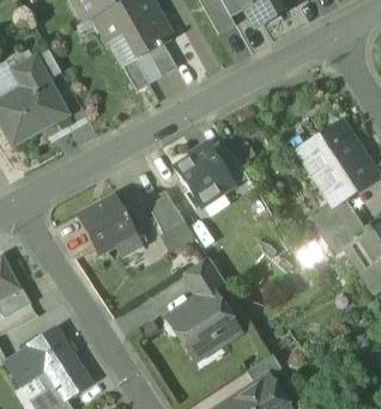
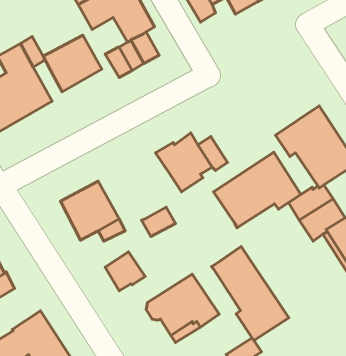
building: none -> [43,35,102,92]
building: none -> [214,152,301,228]
building: [145,190,185,233] -> none
building: [185,257,225,297] -> [105,252,145,291]
building: none -> [212,247,289,340]

